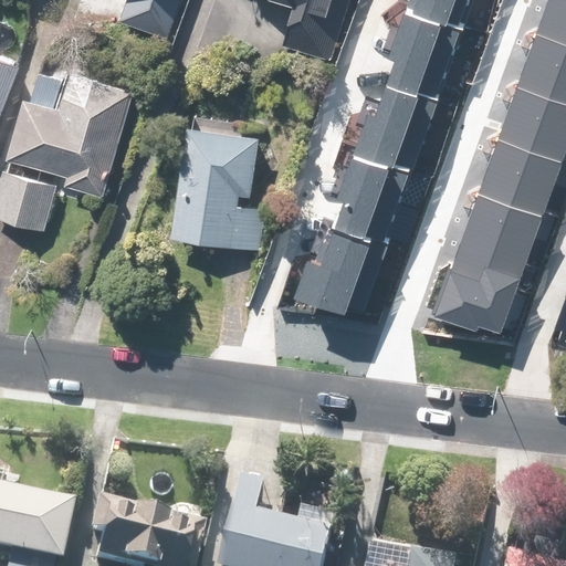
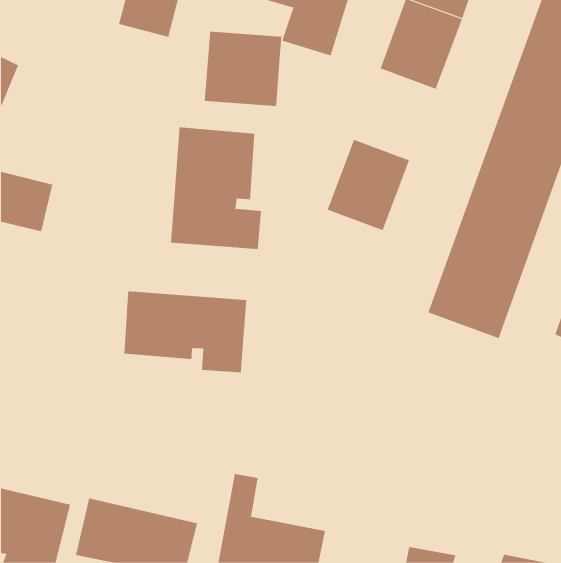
building: none -> [204,31,282,107]
building: [357,69,440,160] -> none
building: [8,70,130,200] -> none
building: [304,210,387,302] -> none
building: none -> [124,290,247,373]

